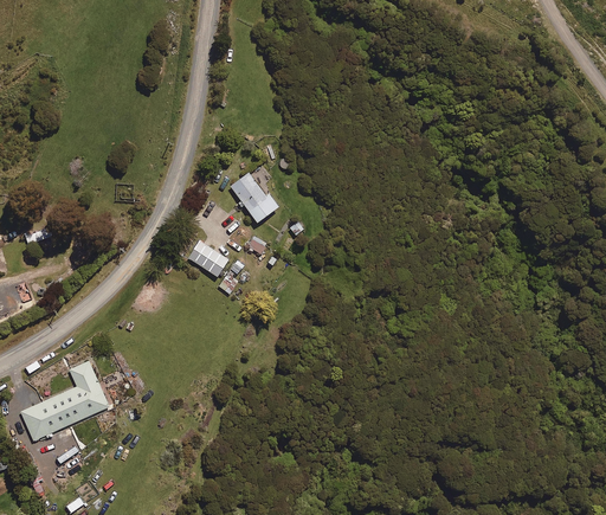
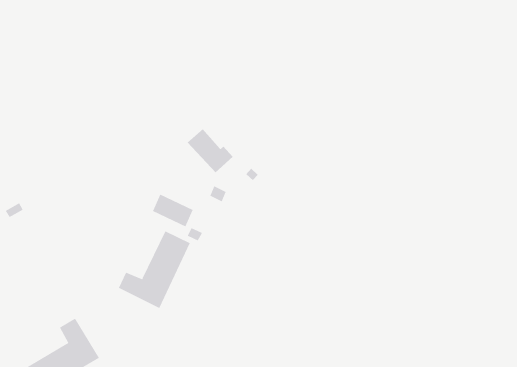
building: none -> [118,230,191,309]

